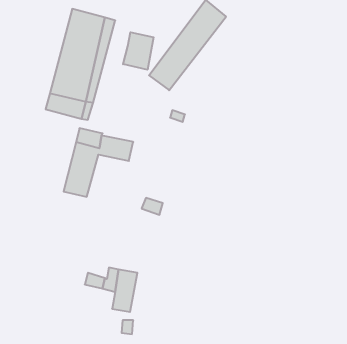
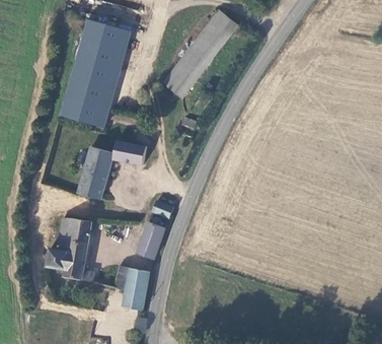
building: [123,32,154,70] -> none
building: none -> [49,219,95,282]
building: none -> [138,219,166,260]

